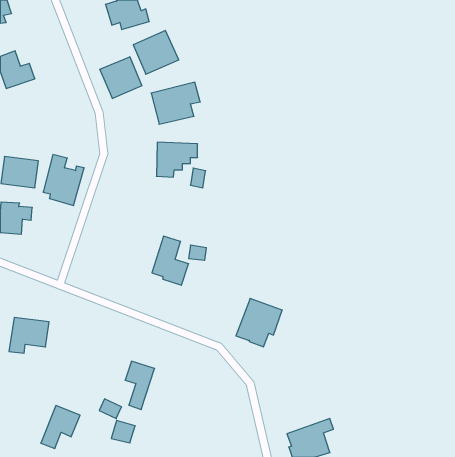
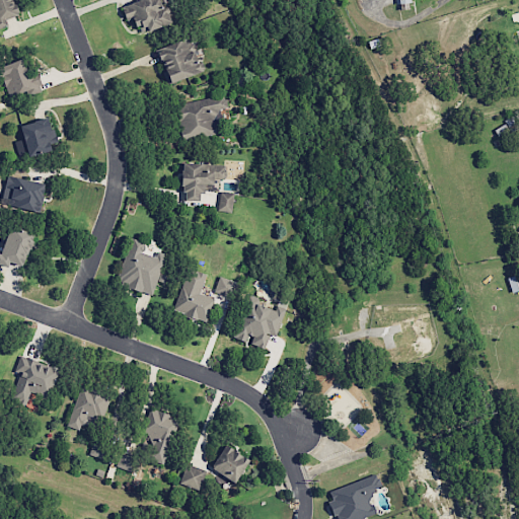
building: [100,57,142,99] -> none
building: none -> [15,119,54,157]
building: [43,155,84,206] -> [119,238,165,296]
building: [236,298,282,347] -> [233,295,286,350]
building: none -> [211,443,248,483]
building: [41,405,80,448] -> [67,383,112,432]
building: [111,420,135,443] -> [179,464,207,490]

